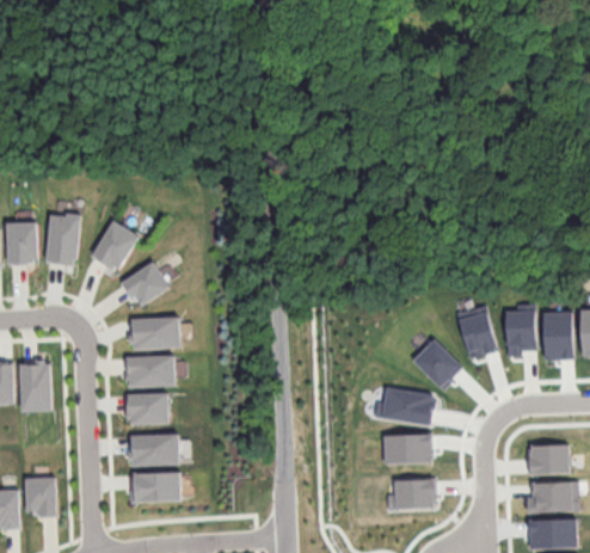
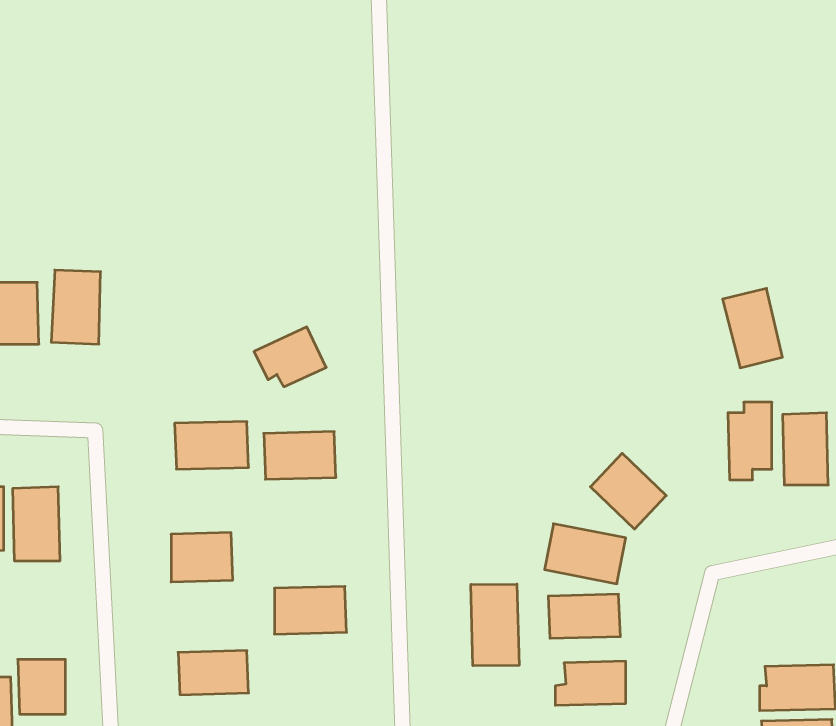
building: [91,220,139,271] -> none
building: [119,263,168,303] -> [254,327,326,387]
building: [455,305,496,358] -> [723,288,782,368]
building: [125,355,174,387] -> [264,432,336,479]
building: none -> [471,584,519,666]
building: [129,434,178,466] -> [274,586,347,634]
building: [528,444,569,474] -> none

